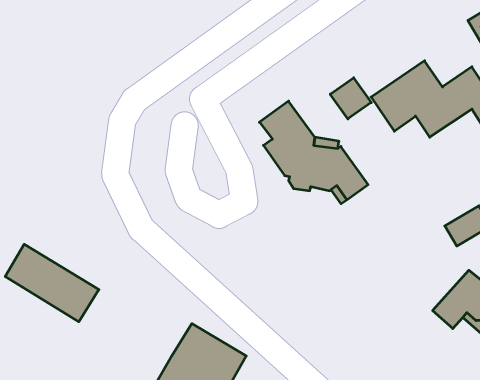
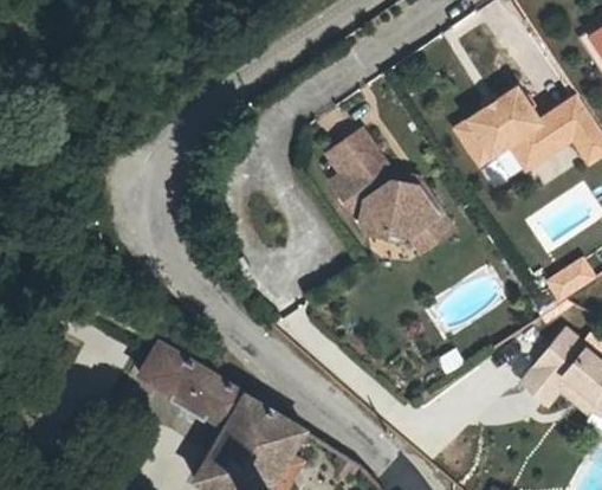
building: [330,78,371,119] -> none
building: [5,244,99,322] -> [136,340,246,431]

